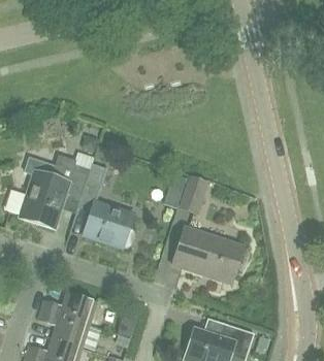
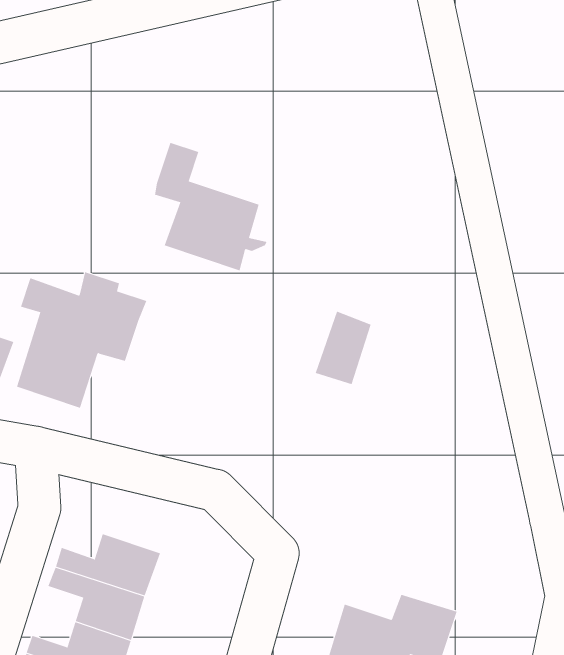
building: [77,178,137,247] -> [154,142,267,271]
building: [172,226,242,282] -> none

